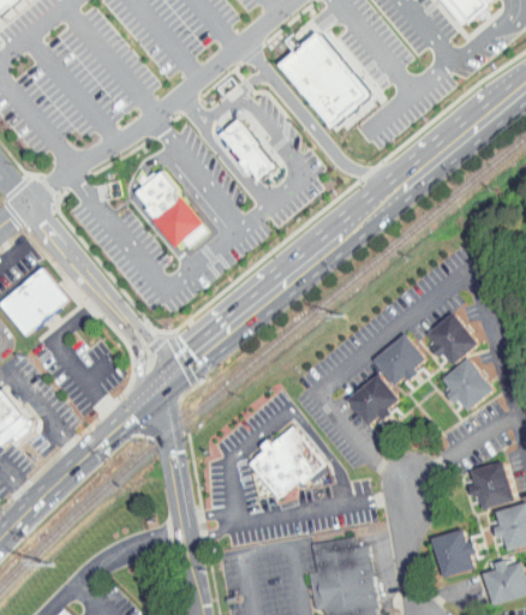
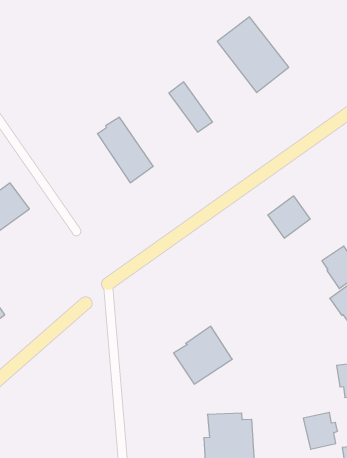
building: [379,336,434,390] -> [268,196,310,238]
building: [353,377,406,431] -> none

